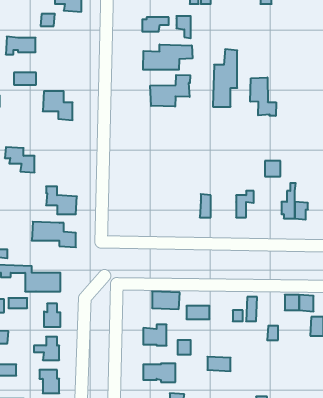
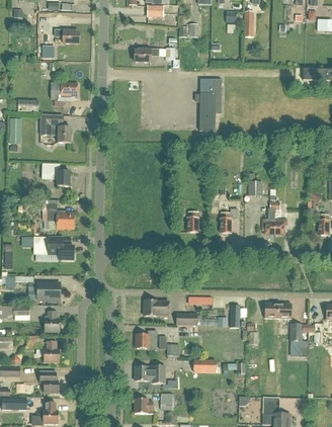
building: [6,37,36,54] -> [51,82,78,98]
building: [143,44,192,70] -> none
building: [150,75,190,107] -> none
building: [250,77,276,116] -> none
building: [5,147,35,172] -> [43,163,70,186]

